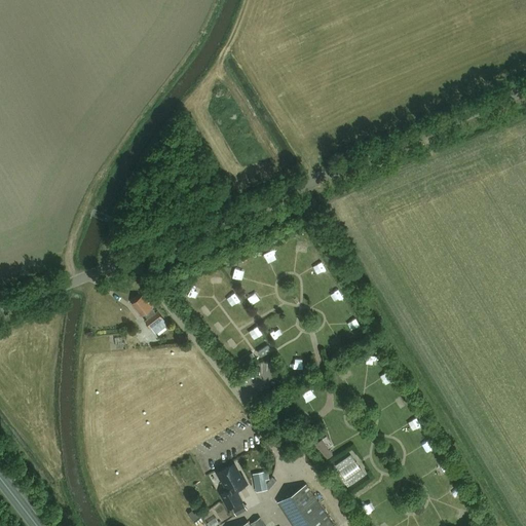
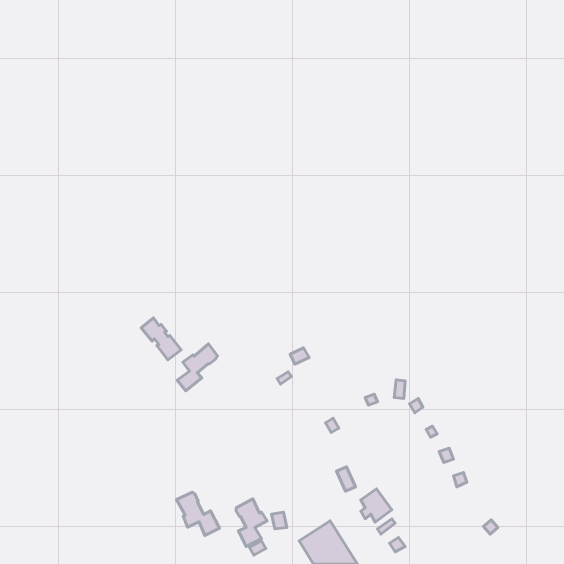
building: none -> [177,344,218,391]
building: none -> [177,492,219,535]

